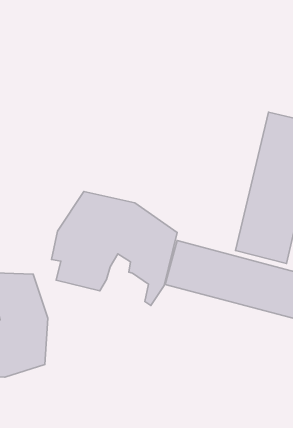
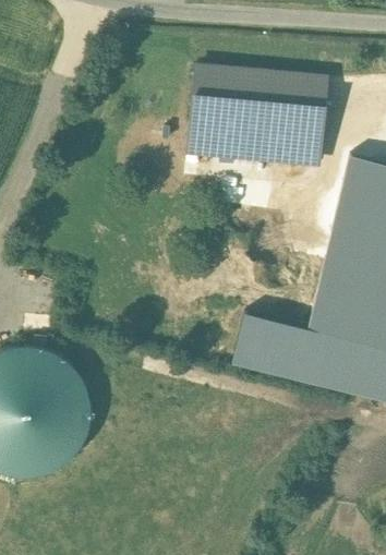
building: none -> [184,69,324,156]
building: [52,191,177,305] -> none

